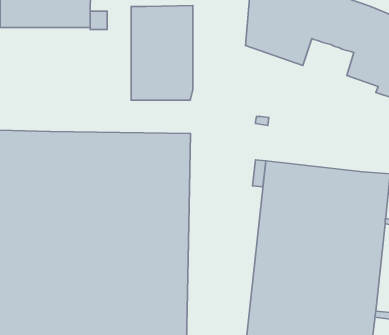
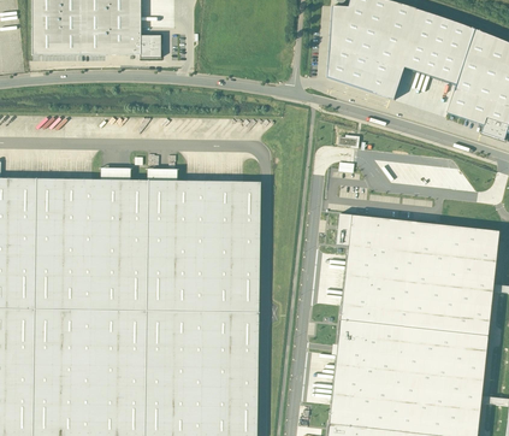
building: [131,6,193,100] -> none

